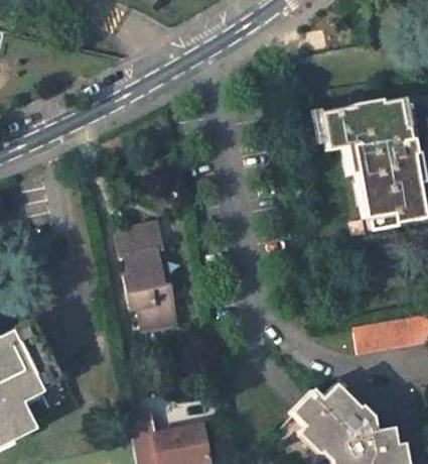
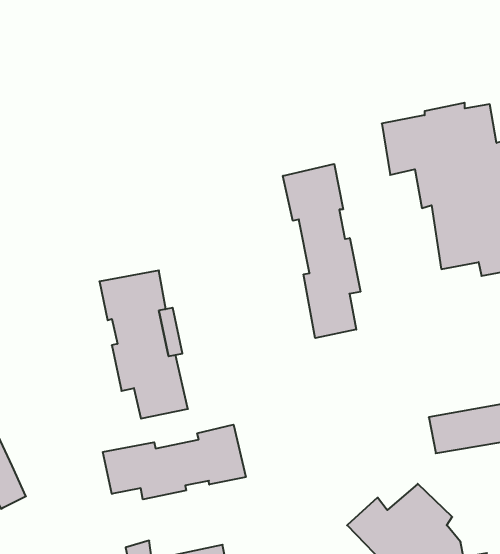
building: none -> [283,164,360,338]
building: none -> [103,425,246,499]

